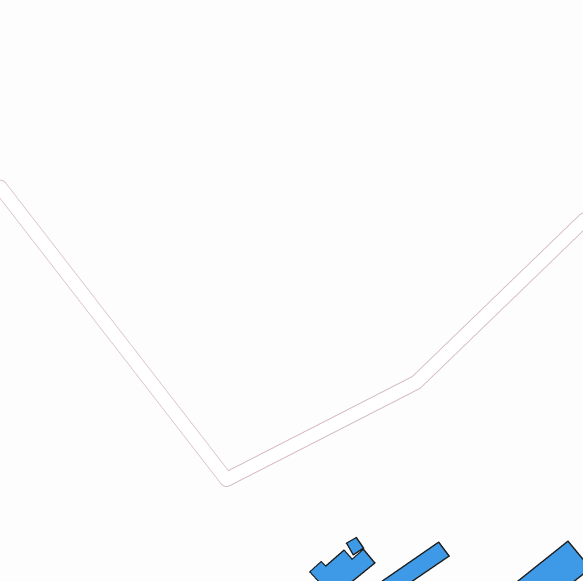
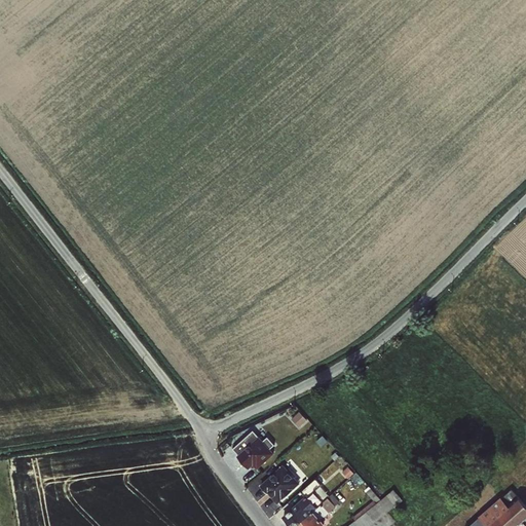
building: none -> [229,428,275,471]
building: none -> [260,464,300,503]

